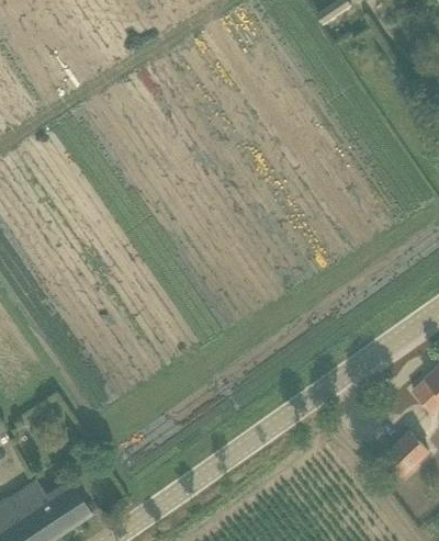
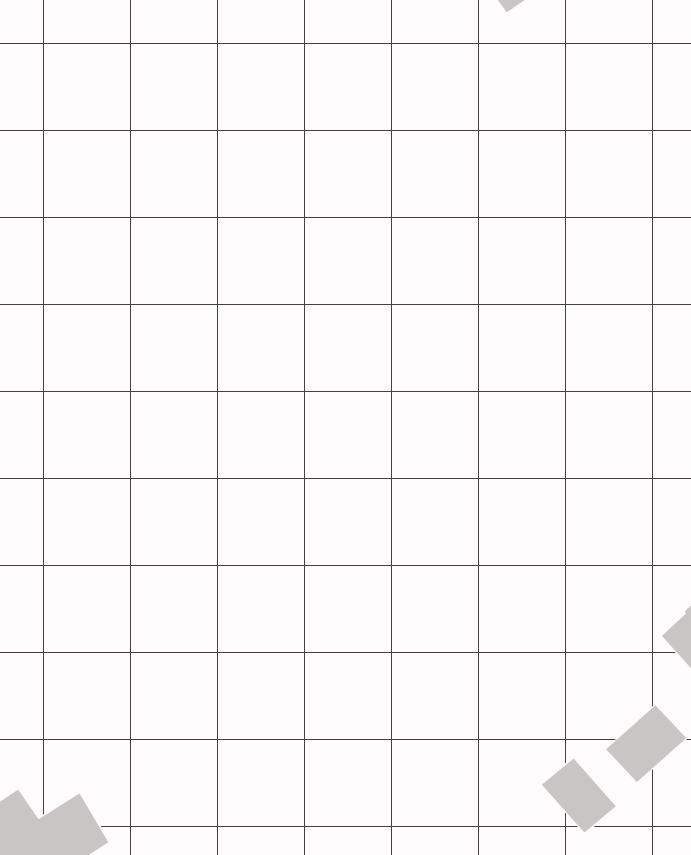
building: none -> [541,758,617,834]

